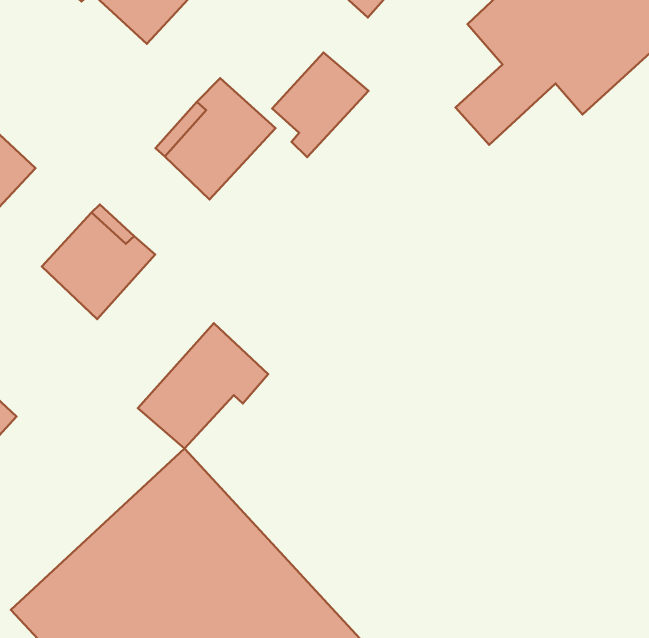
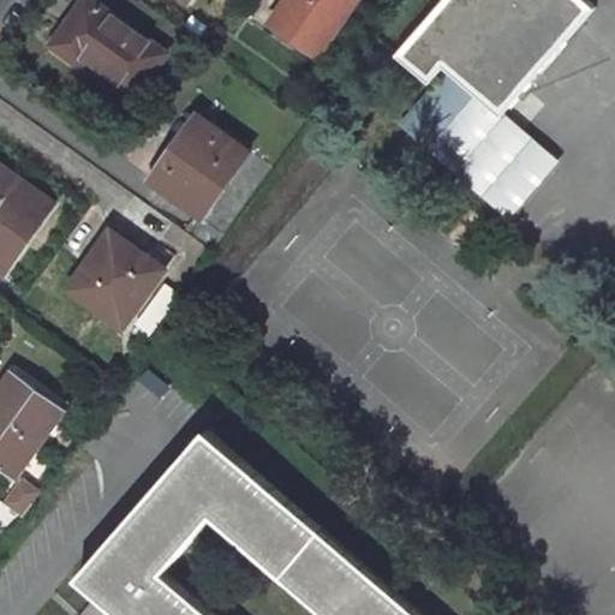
building: [272,52,369,157] -> none
building: none -> [425,92,549,219]
building: [138,323,268,449] -> none

